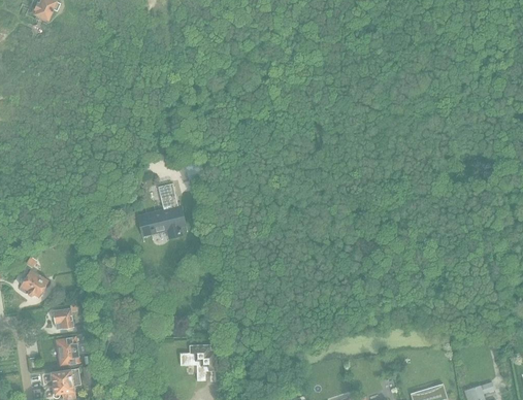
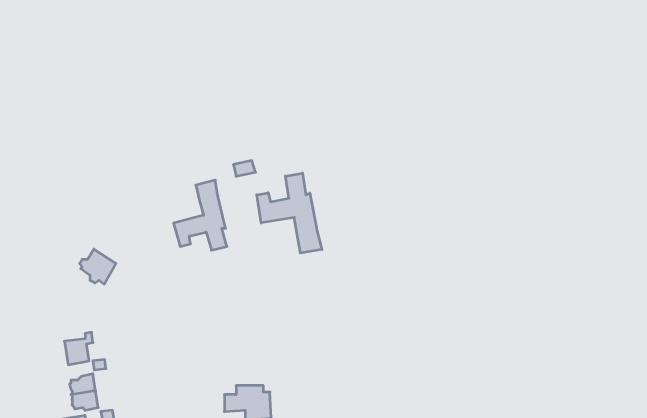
building: none -> [257,173,322,253]
building: [19,269,47,297] -> [80,249,116,284]

